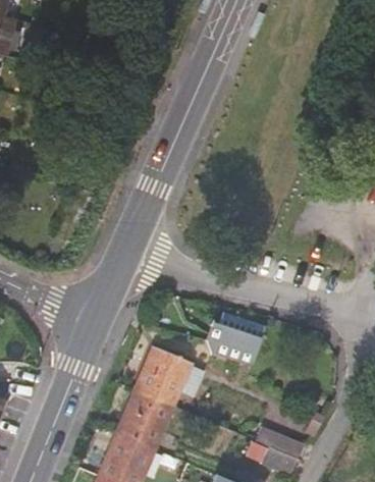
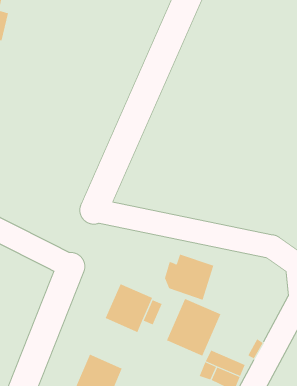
building: none -> [166,298,221,357]
building: [115,388,173,448] -> none

